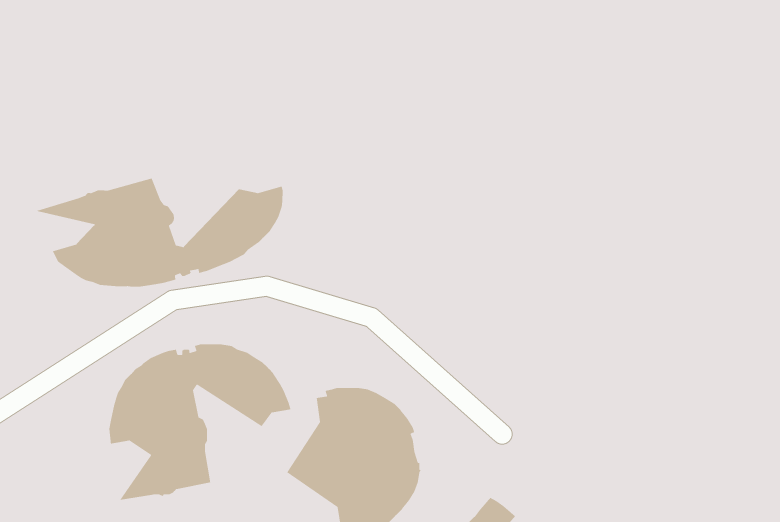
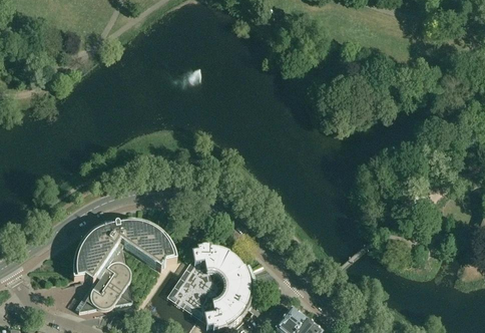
building: [35,178,283,288] -> none

